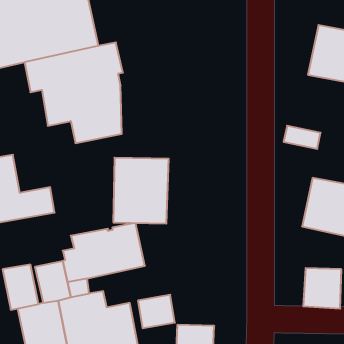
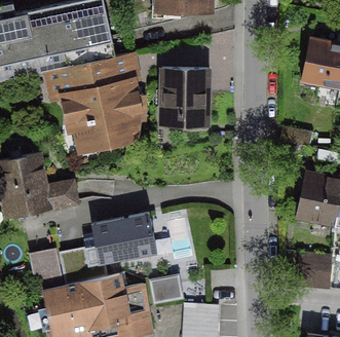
building: [113,158,169,224] -> [160,68,210,126]

